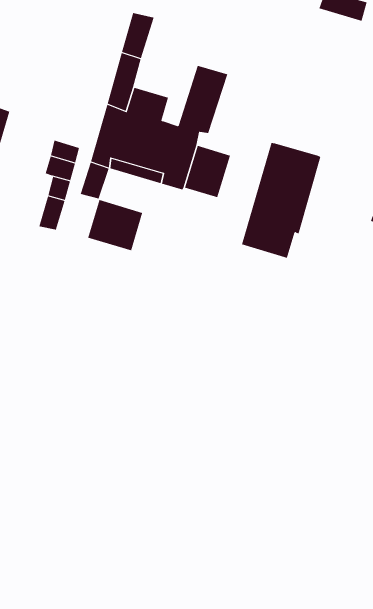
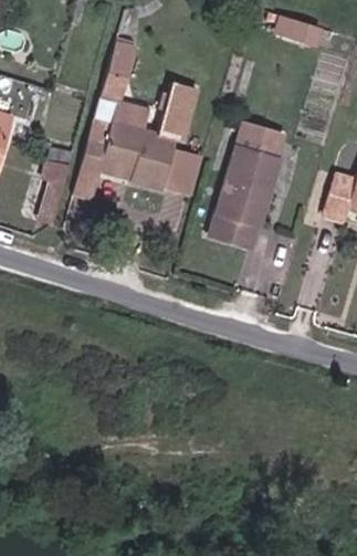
building: none -> [239,124,284,158]
building: [88,199,143,251] -> none

